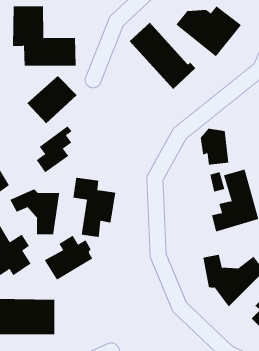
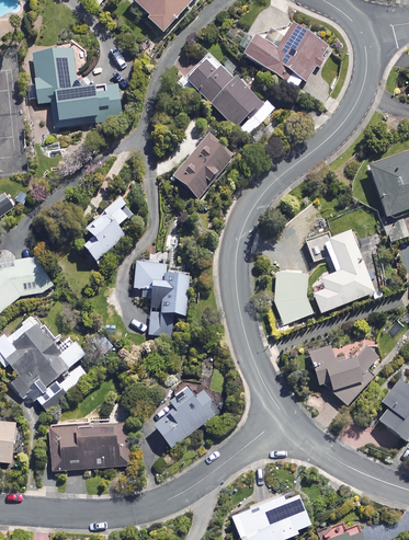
building: [27,75,77,124] -> [172,135,236,198]
building: [200,128,229,165] -> [275,272,316,319]
building: [10,188,60,235] -> none
building: [44,235,93,281] -> [152,386,215,446]

